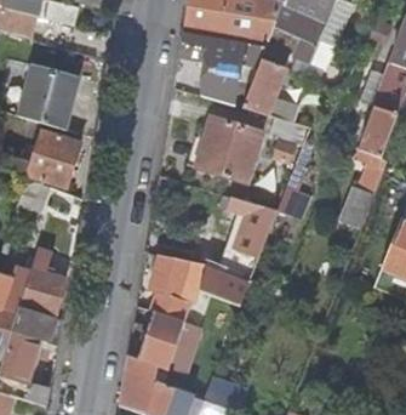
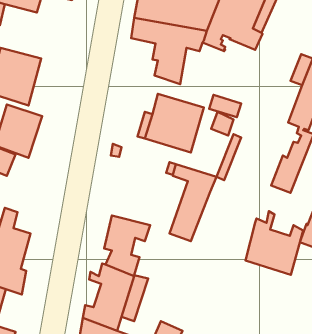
building: [241,58,286,115] -> none
building: none -> [245,211,303,275]

